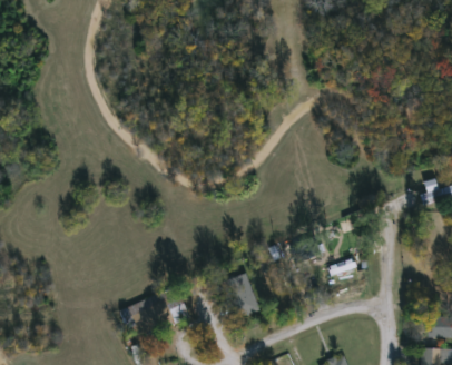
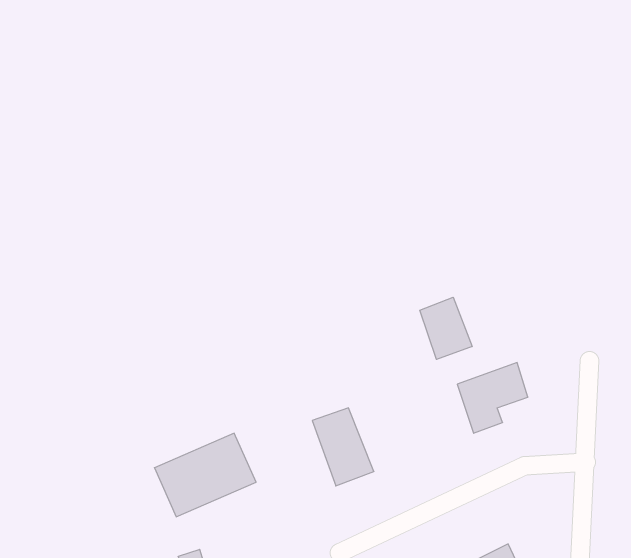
building: none -> [420,297,472,359]

